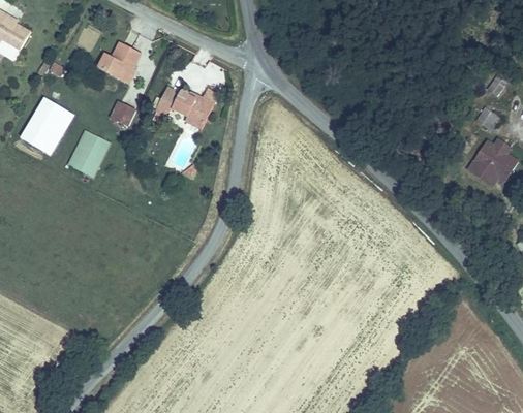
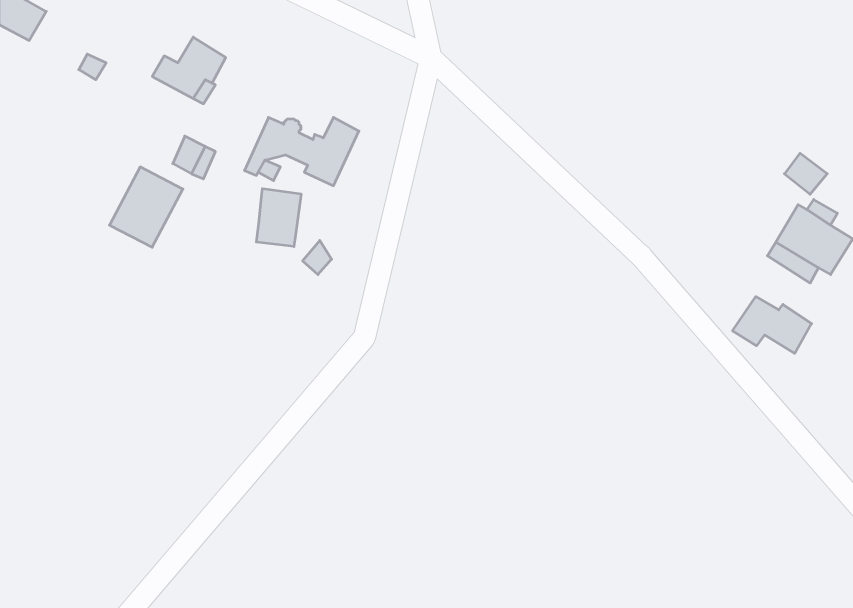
building: [23,88,78,148] -> none
building: none -> [256,189,301,247]
building: none -> [733,297,812,353]

